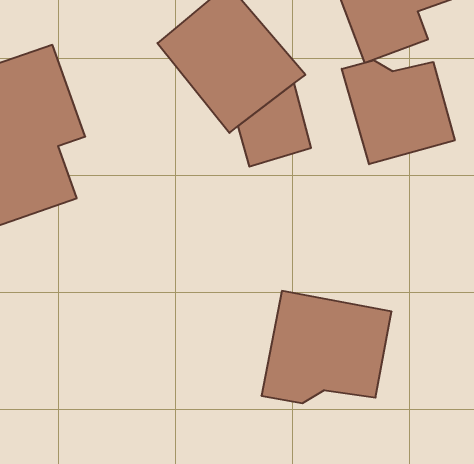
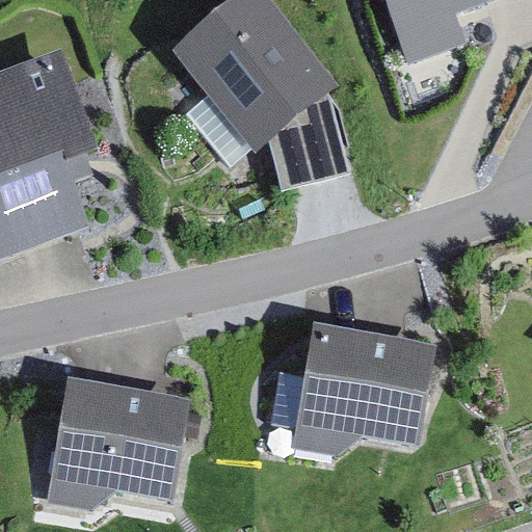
building: [342,60,455,164] -> none
building: none -> [47,378,188,504]

